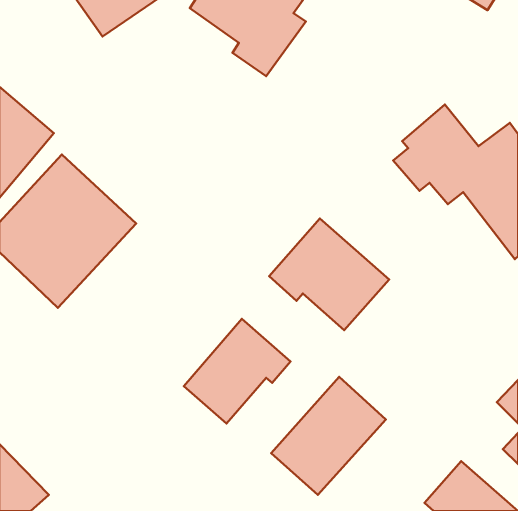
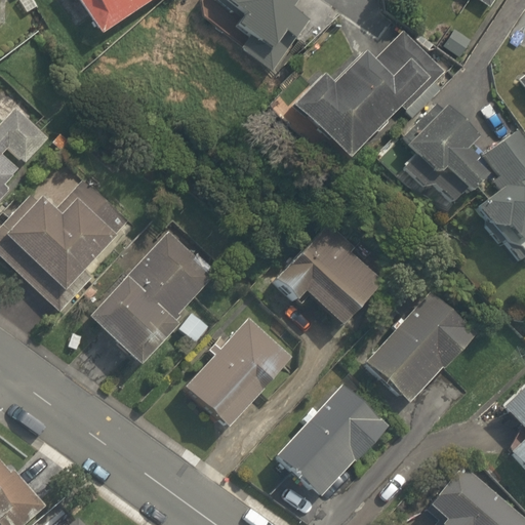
building: none -> [290,28,442,163]
building: none -> [88,224,217,365]
building: none -> [366,296,472,400]

